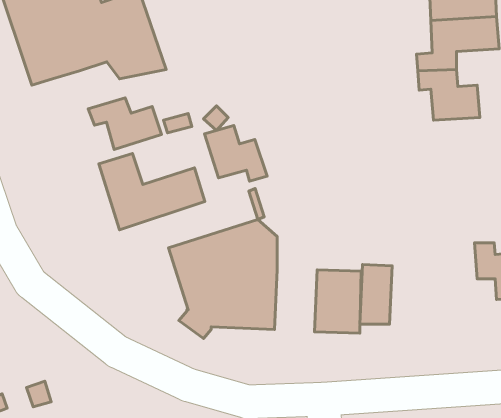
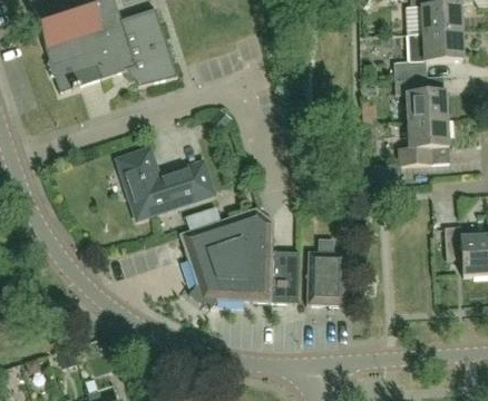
building: [88,98,161,149] -> none
building: none -> [362,118,449,179]
building: [205,125,267,181] -> none
building: [360,265,392,324] -> [271,250,299,301]

